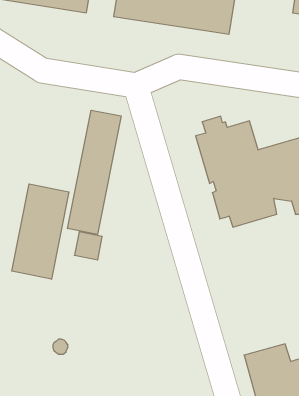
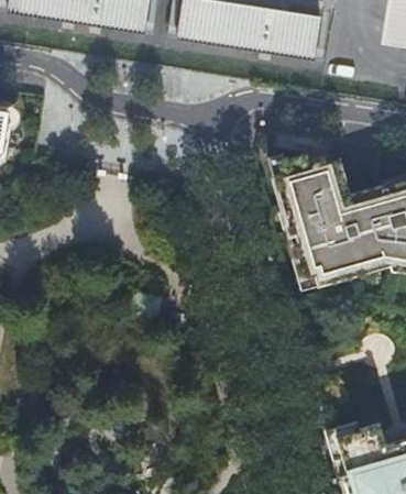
building: [68,110,121,234] -> none
building: [12,184,69,279] -> none

